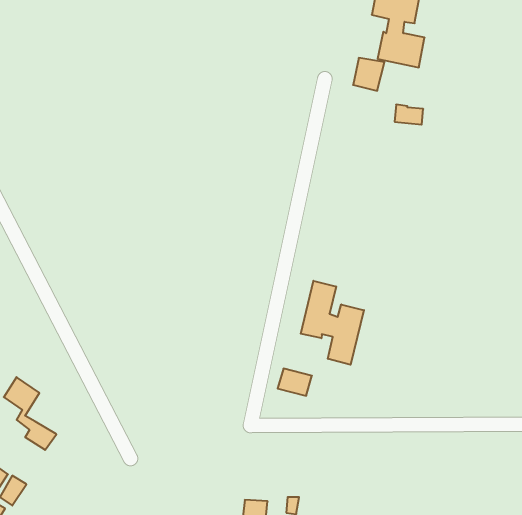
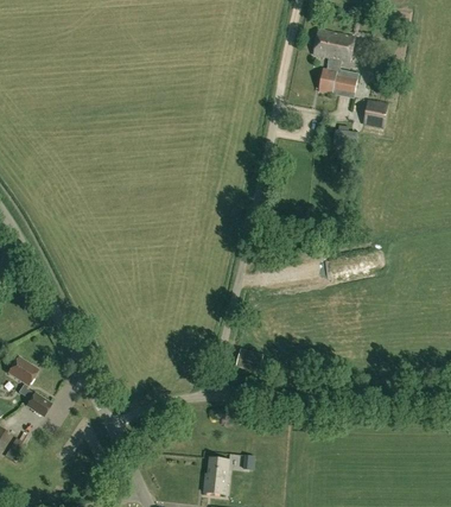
building: [353,58,384,91] -> [363,100,389,127]
building: [301,281,364,365] -> none

